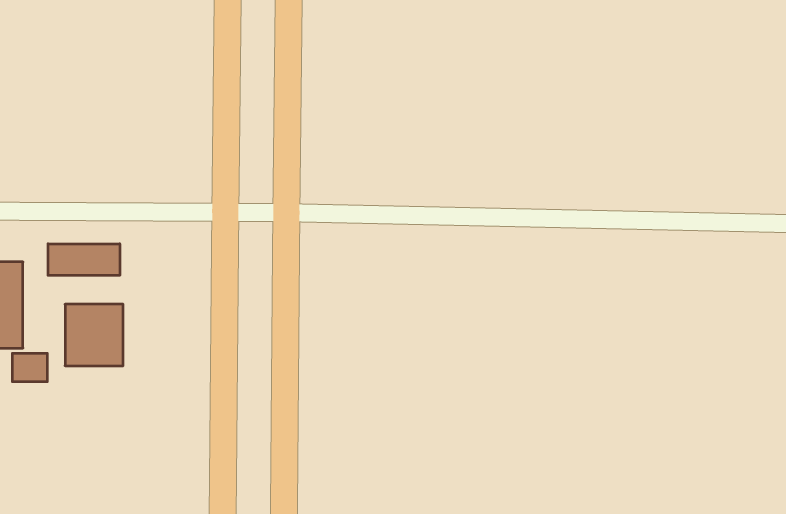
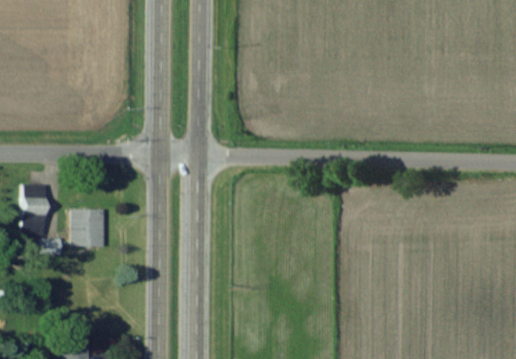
building: [48,244,120,275] -> none

